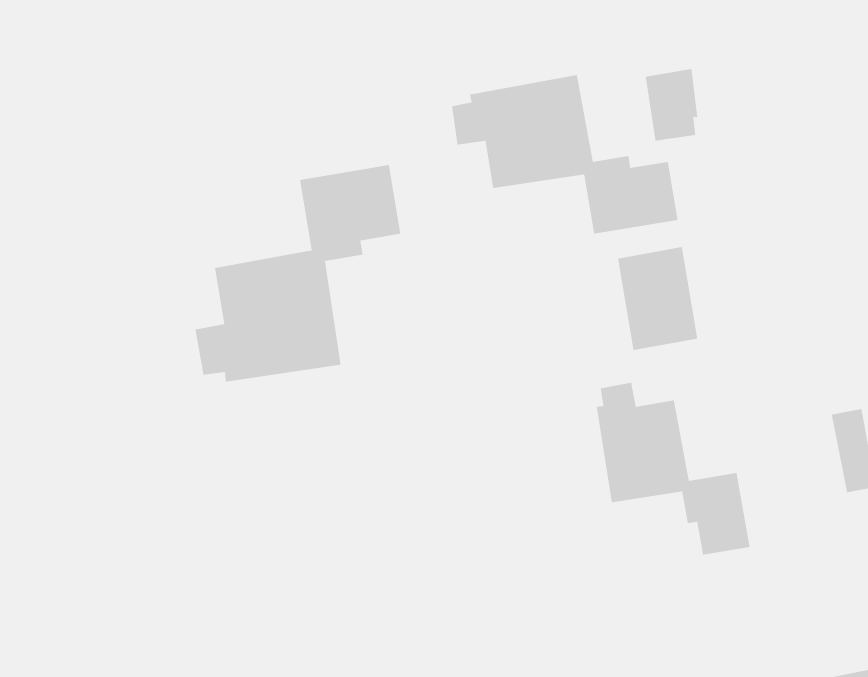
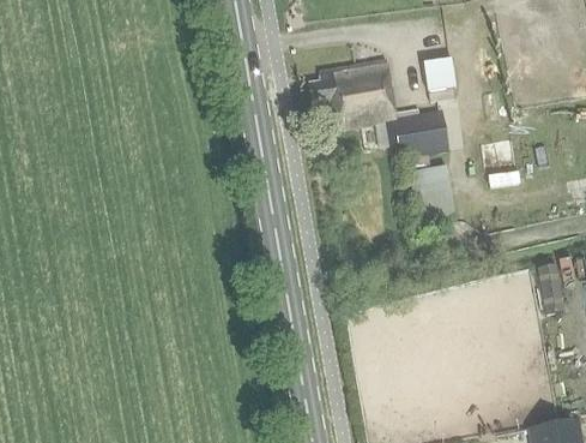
building: [194,164,401,382] -> none
building: [596,382,750,556] -> none

